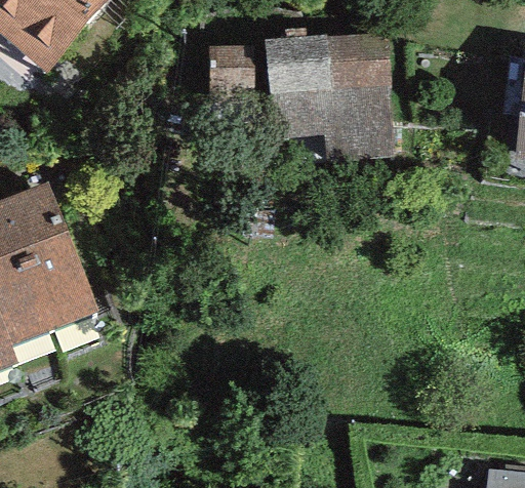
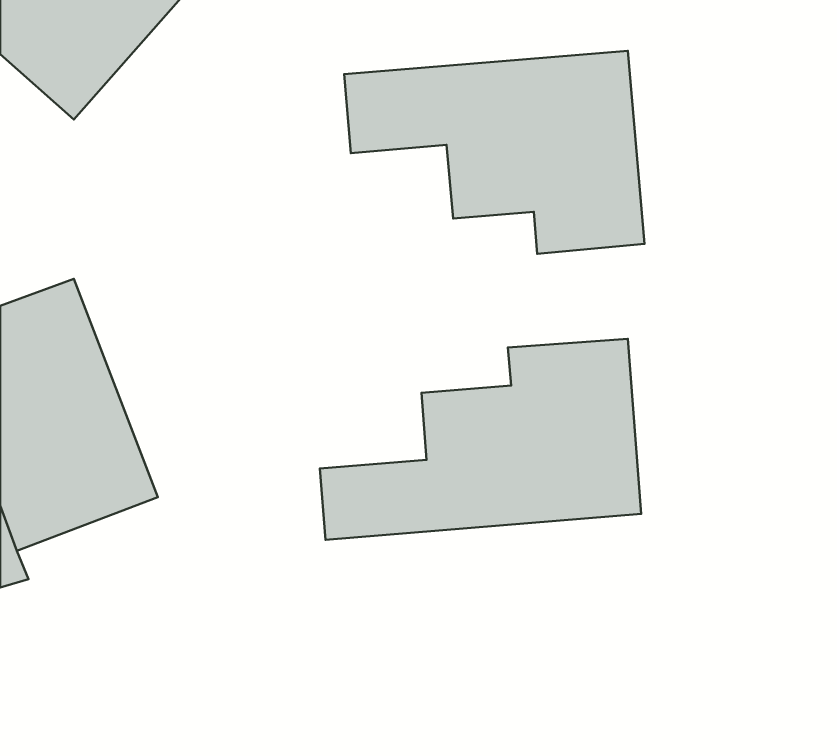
building: none -> [320,339,641,540]

